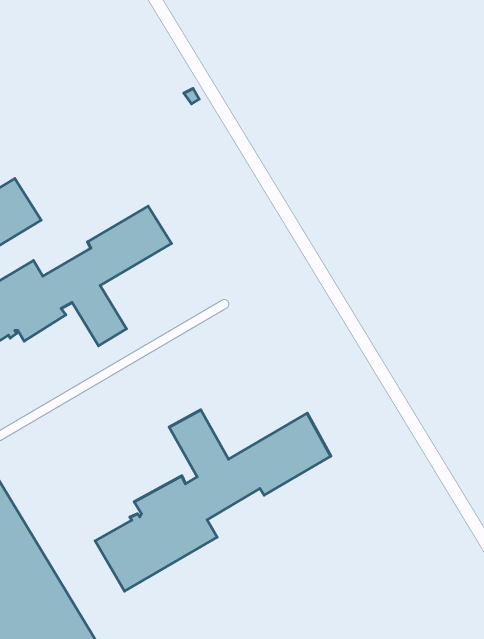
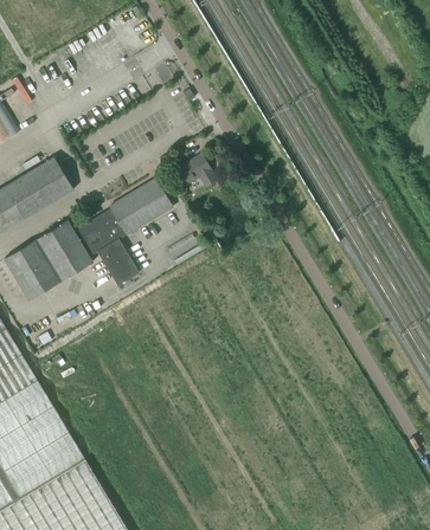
building: none -> [177,154,217,186]
building: [95,410,331,591] -> none

